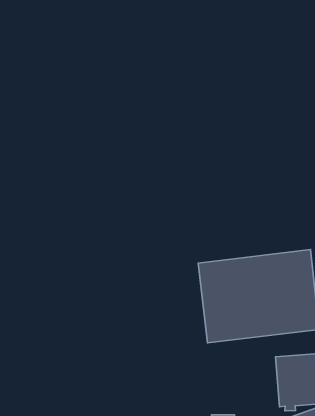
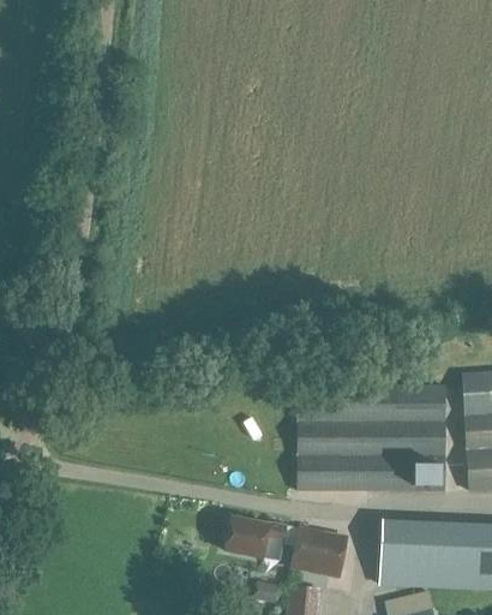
building: none -> [222,517,284,559]
building: none -> [290,527,346,577]

